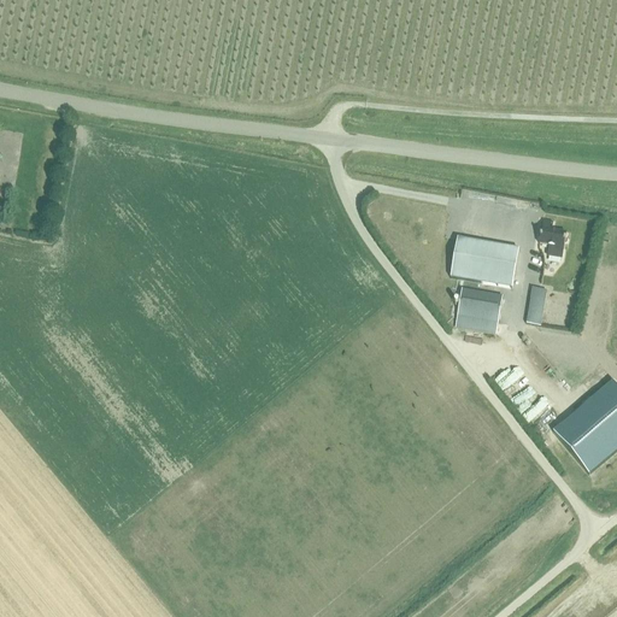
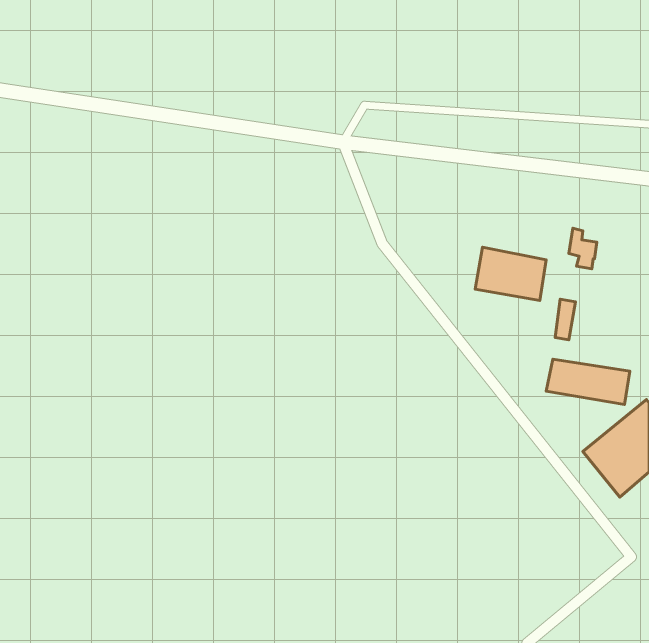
building: [456,287,503,331] -> none
building: none -> [546,359,630,404]

